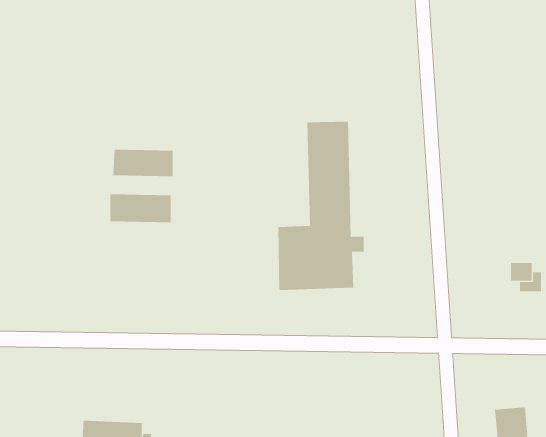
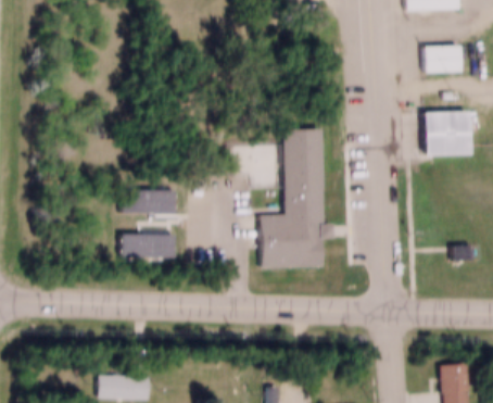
building: none -> [422,45,459,72]
building: none -> [422,111,466,153]
building: [113,149,173,177] -> [126,232,176,255]

